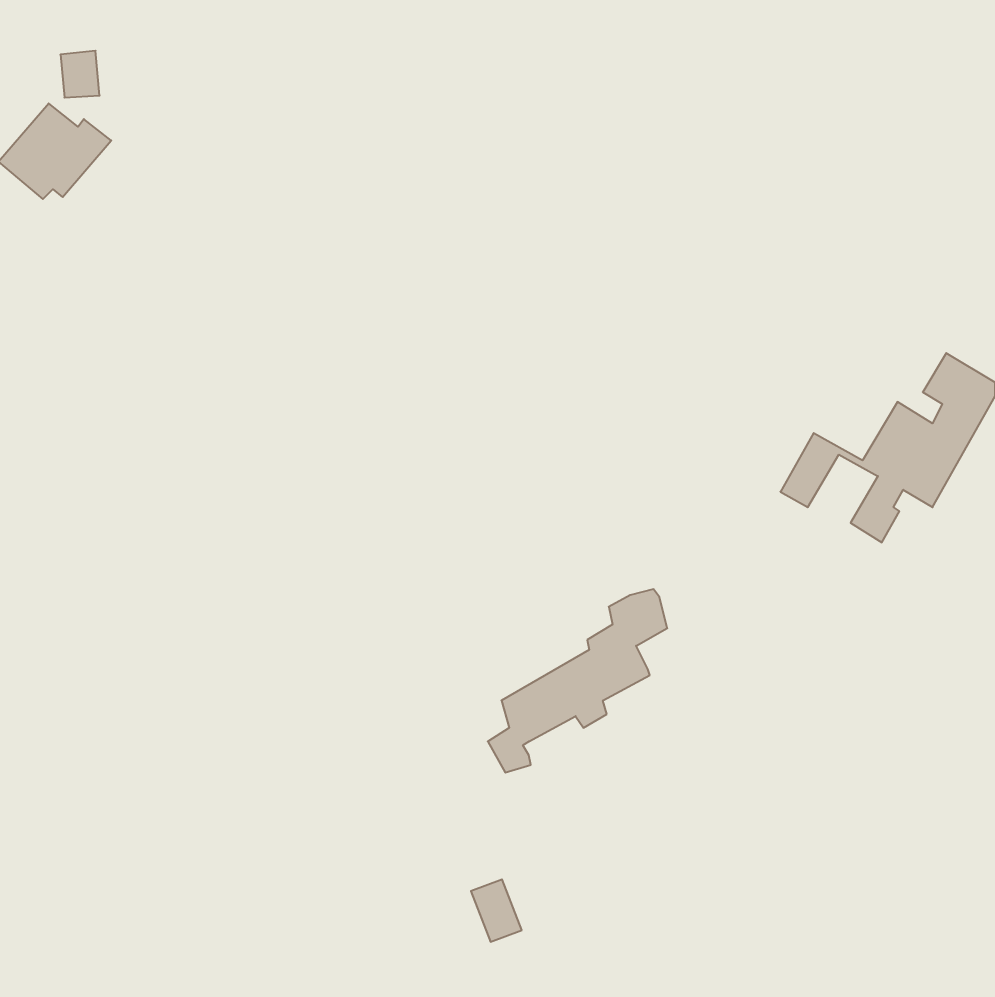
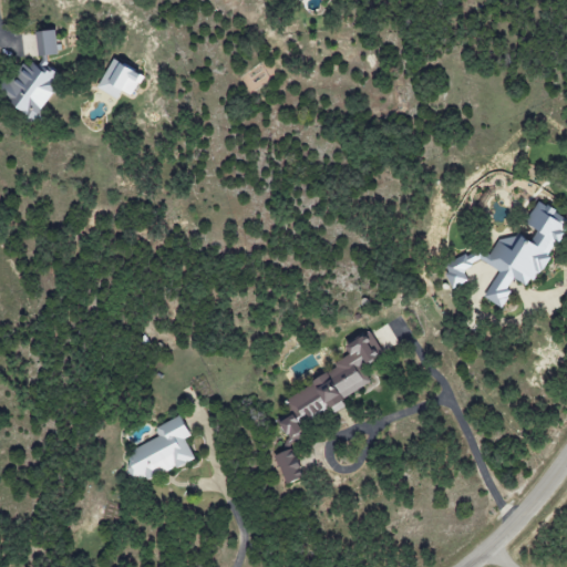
building: none -> [96,59,143,99]
building: none -> [125,415,194,484]
building: [471,879,522,942] -> [274,449,302,484]

